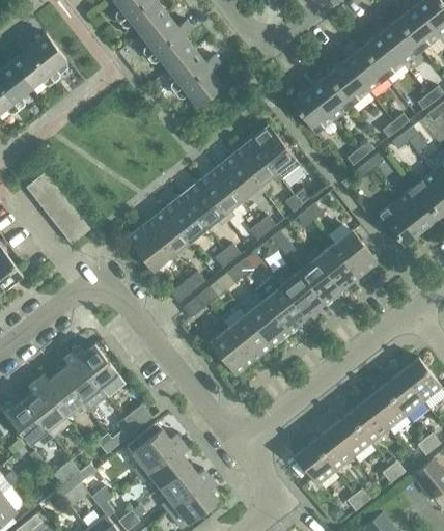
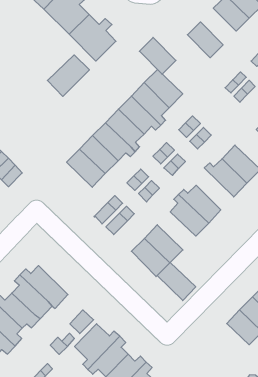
building: [327,61,368,107] -> none
building: [290,89,333,135] -> [139,37,176,74]
building: none -> [47,55,89,96]
building: [126,224,171,273] -> none
building: [297,252,340,305] -> none
building: [244,300,288,347] -> [157,263,196,301]
building: [295,443,336,486] -> none

